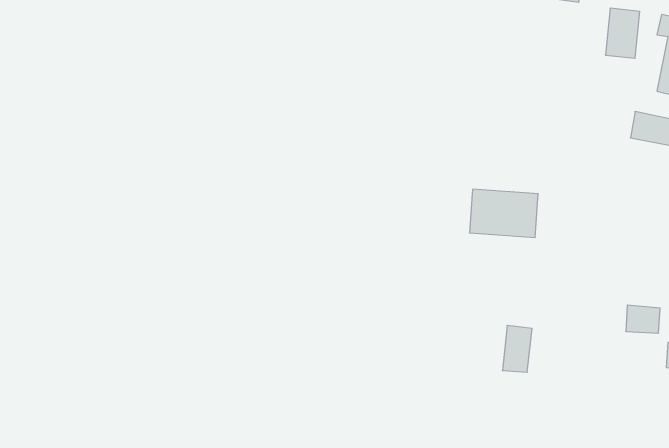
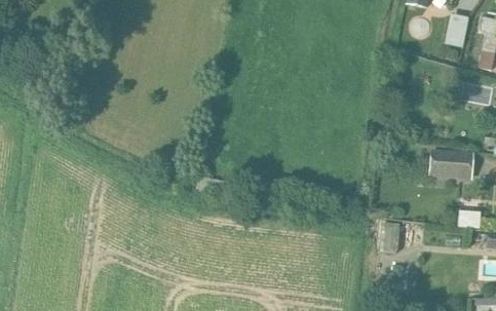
building: [469,189,538,238] -> [429,149,474,181]

